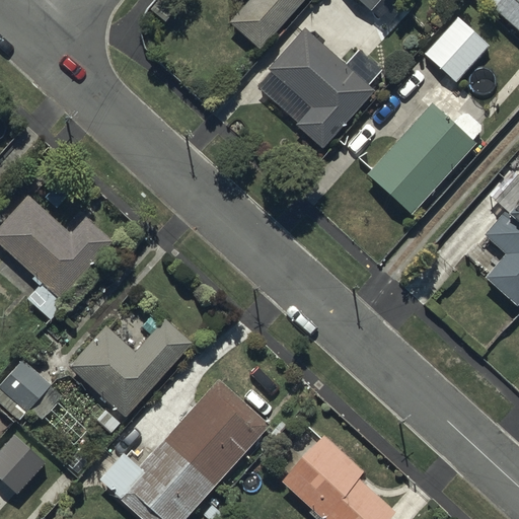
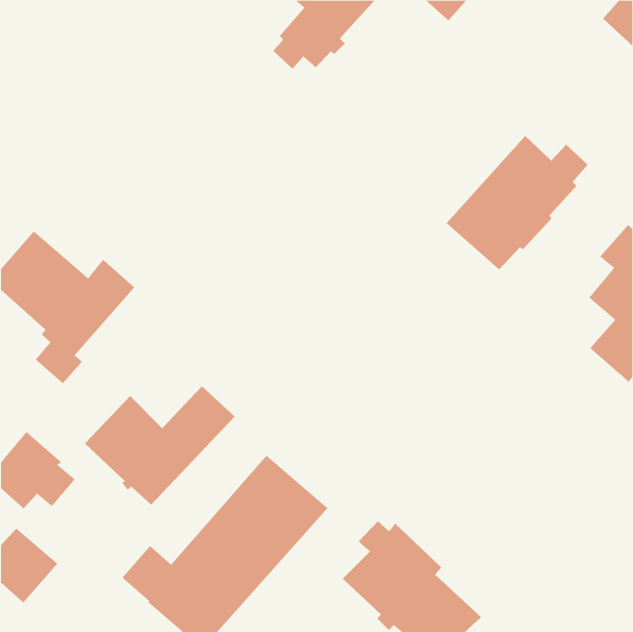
building: [422,20,491,89] -> none
building: [255,33,381,156] -> none

